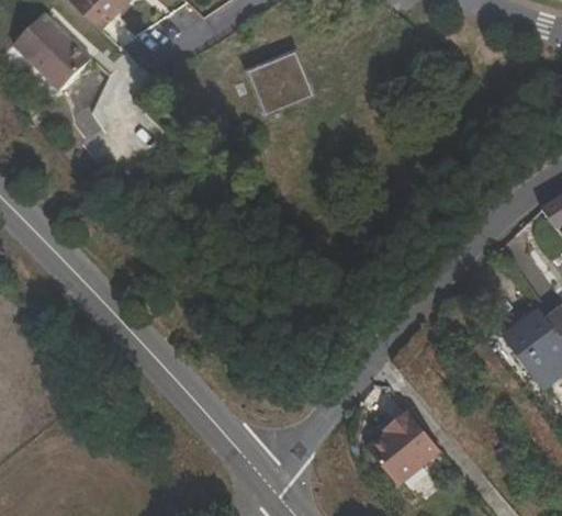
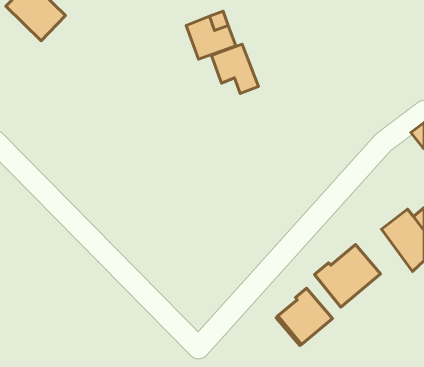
building: none -> [212,44,259,93]
building: none -> [315,245,381,307]

